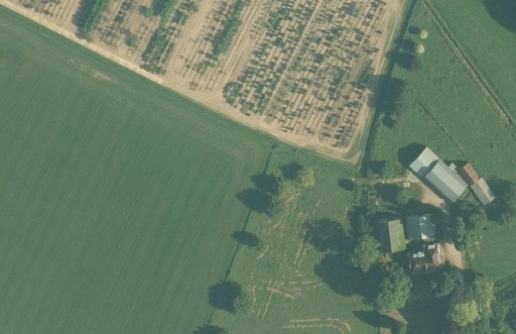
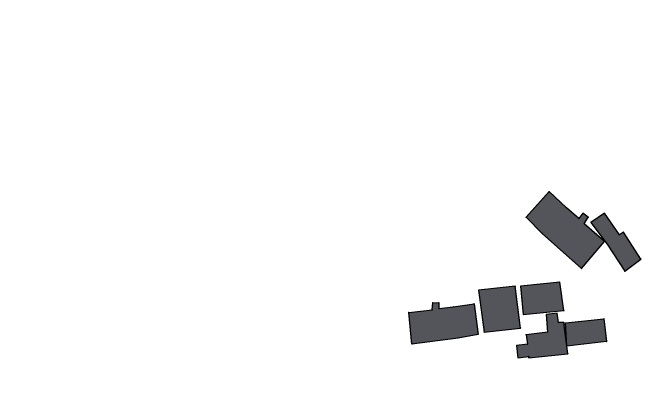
building: none -> [409,303,478,344]
building: none -> [566,319,607,346]

